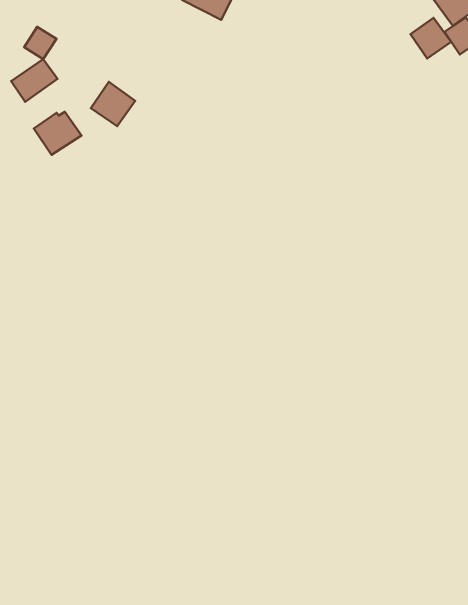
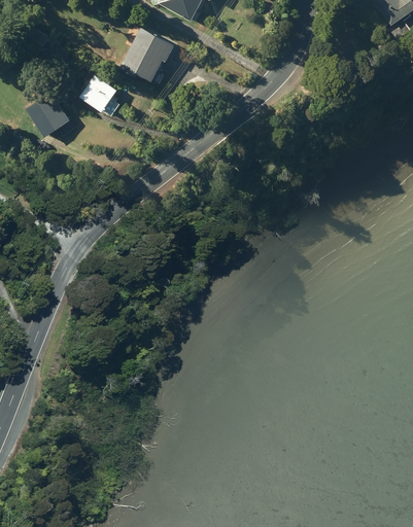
building: [410,18,451,59] -> none
building: none -> [119,27,174,81]
building: [11,59,58,102] -> none

